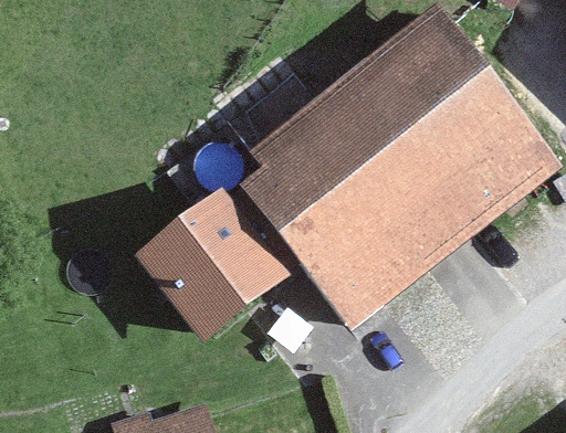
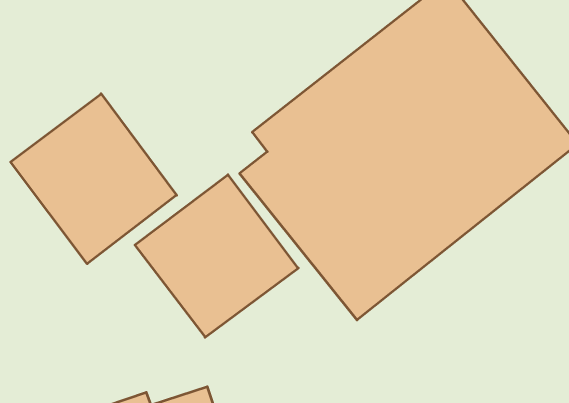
building: none -> [11,94,177,264]

